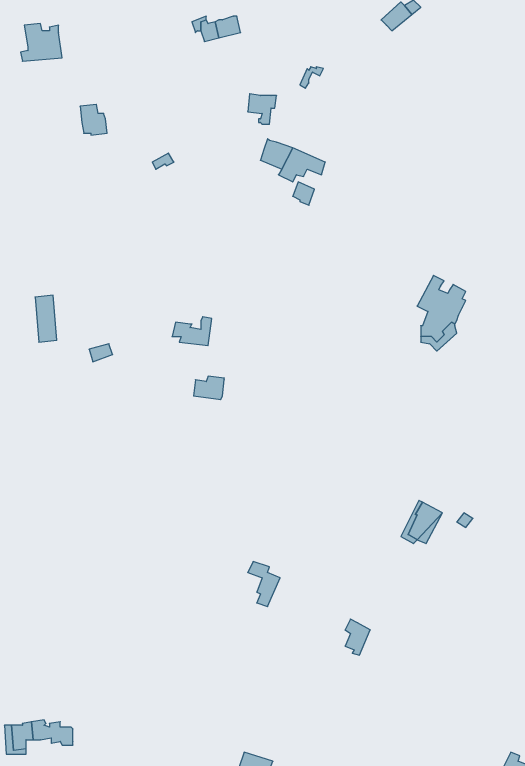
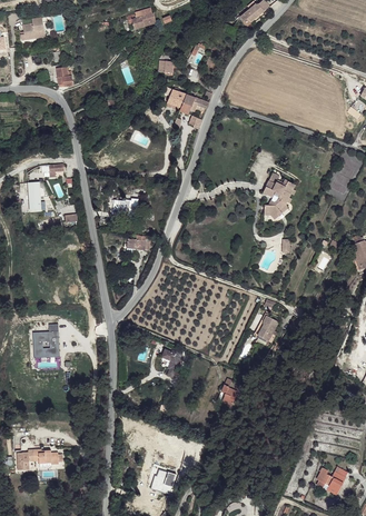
building: none -> [31,321,59,357]

